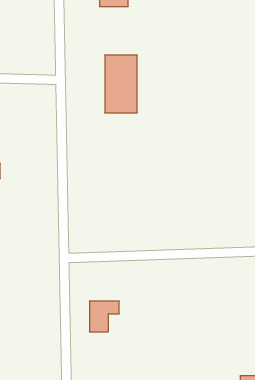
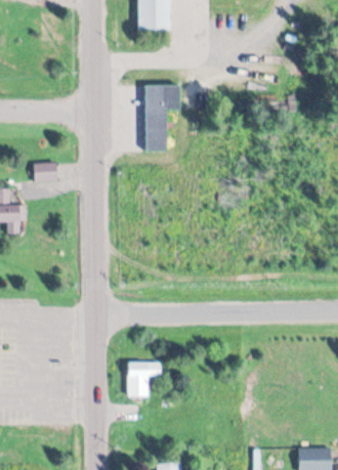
building: none -> [33,164,55,182]

